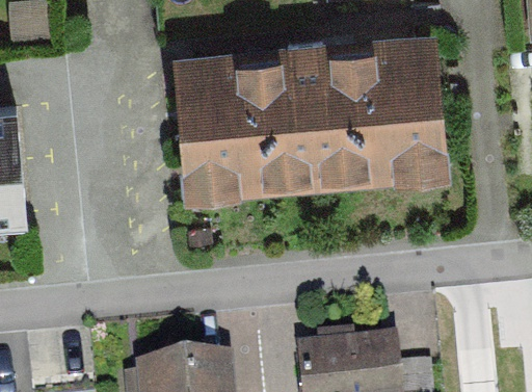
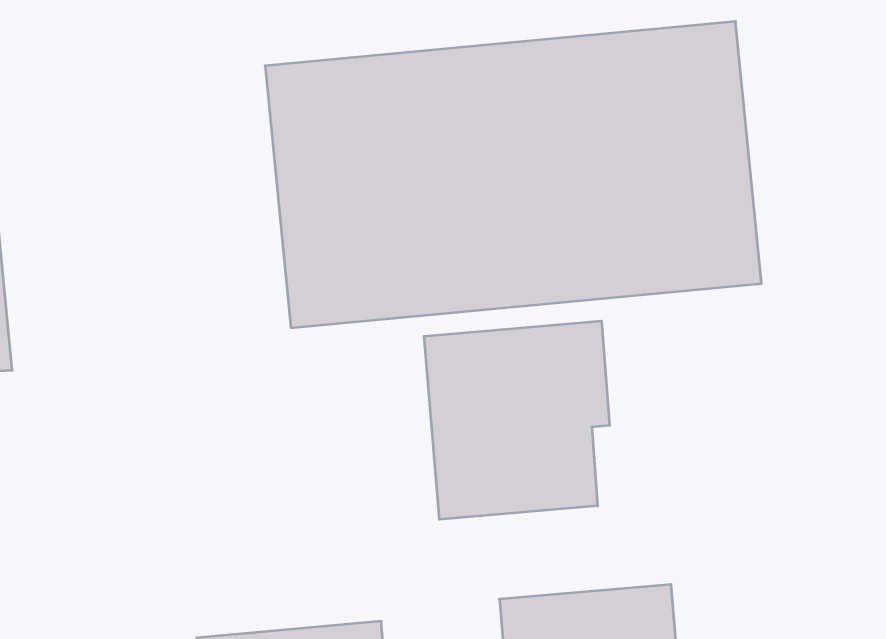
building: none -> [424,321,610,519]

